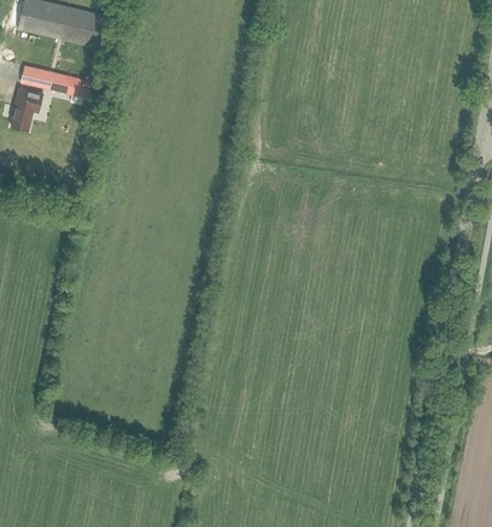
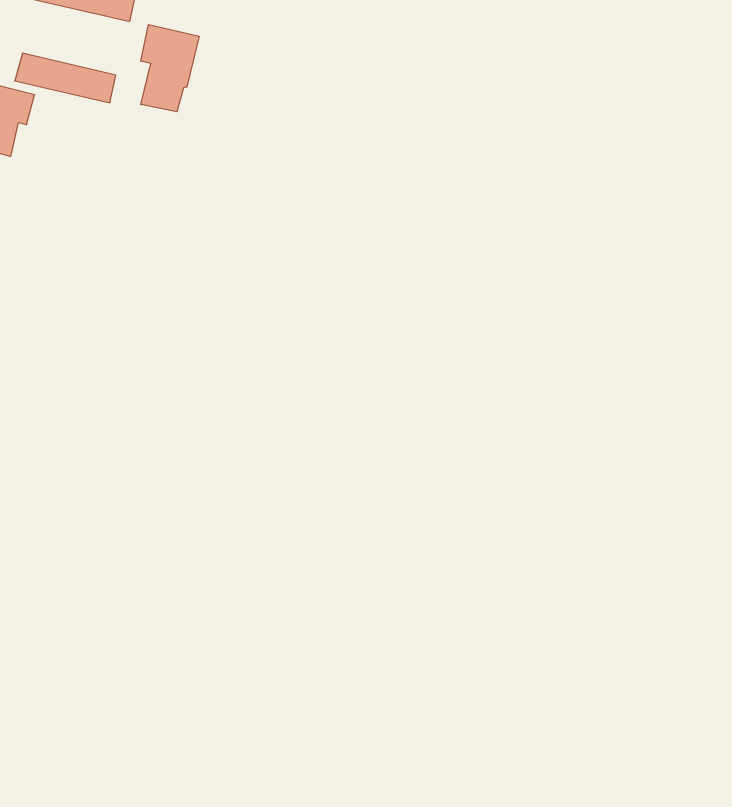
building: none -> [141,25,199,112]

